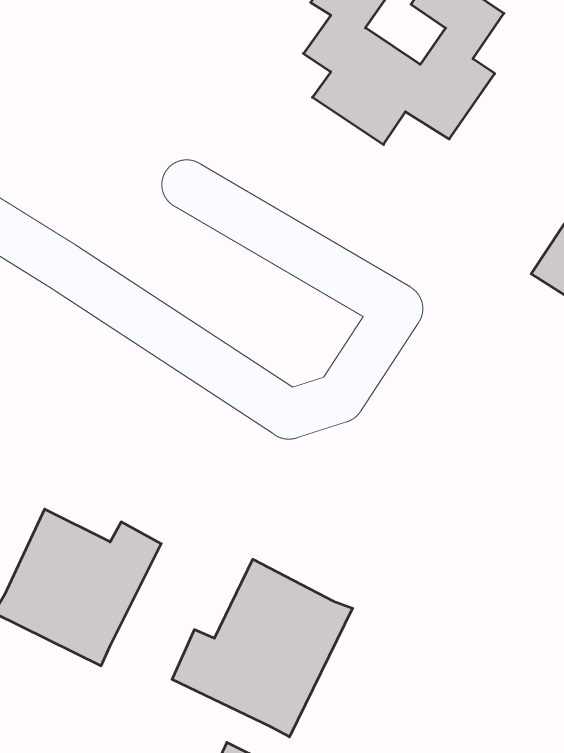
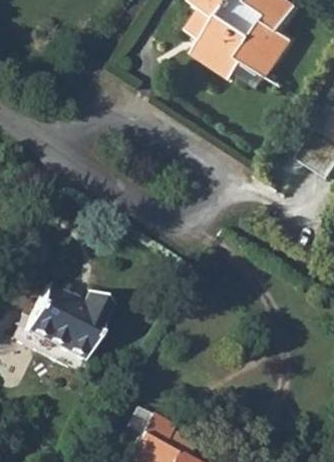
building: [172,559,353,737] -> none

